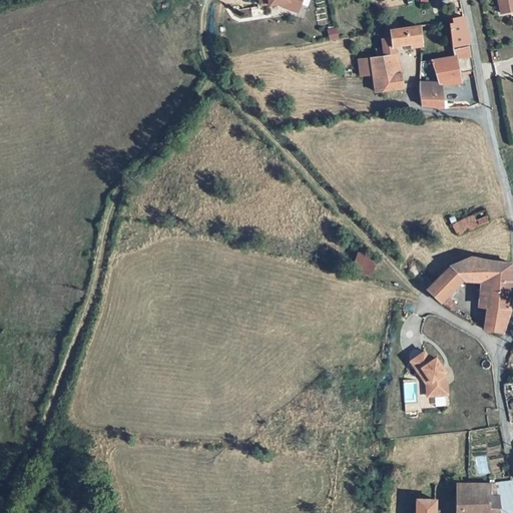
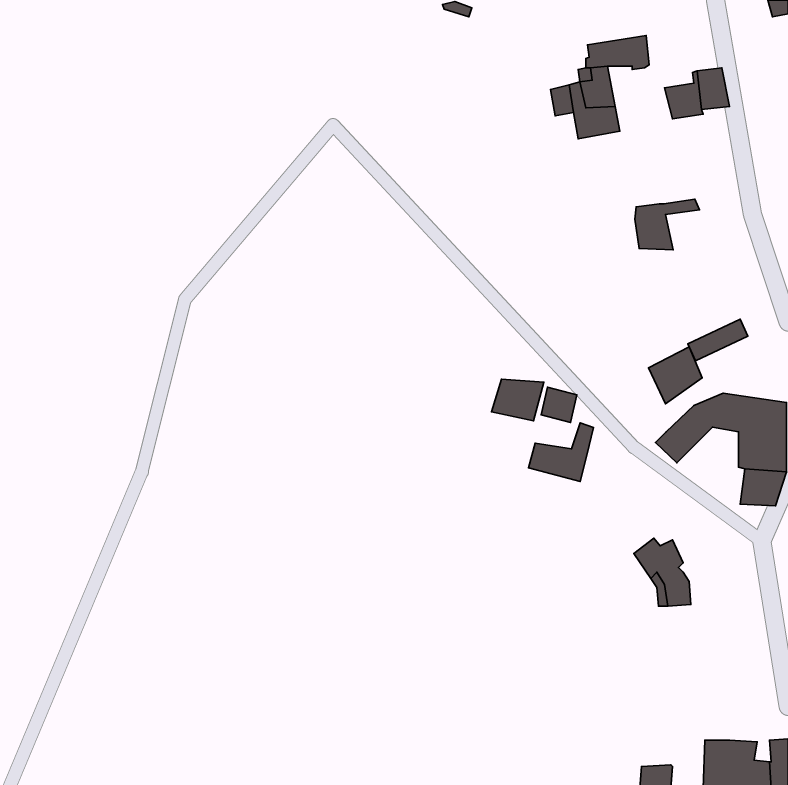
building: [446,18,468,46] -> none
building: [418,76,460,109] -> [635,199,699,250]
building: none -> [649,347,702,404]
building: none -> [491,379,544,421]
building: none -> [528,423,594,481]

